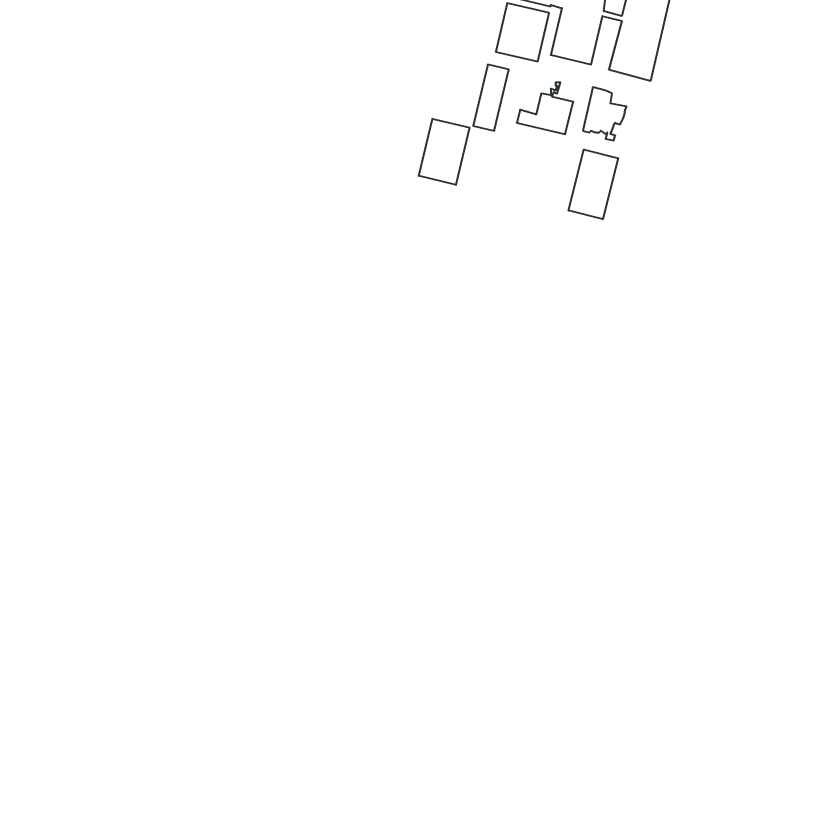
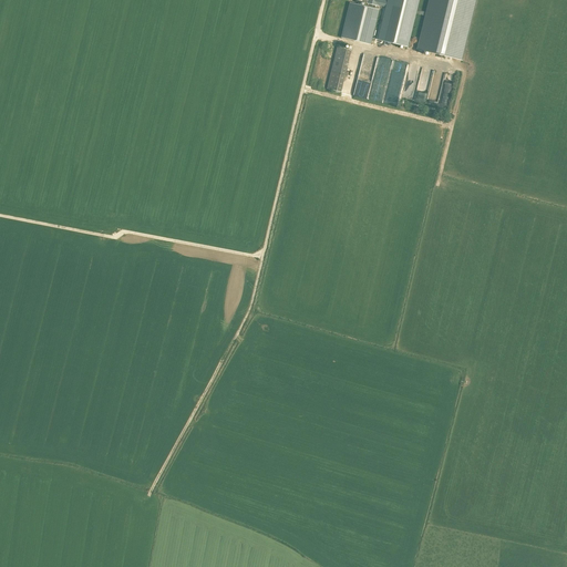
building: [419,119,469,185] -> none
building: [569,149,618,219] -> none

